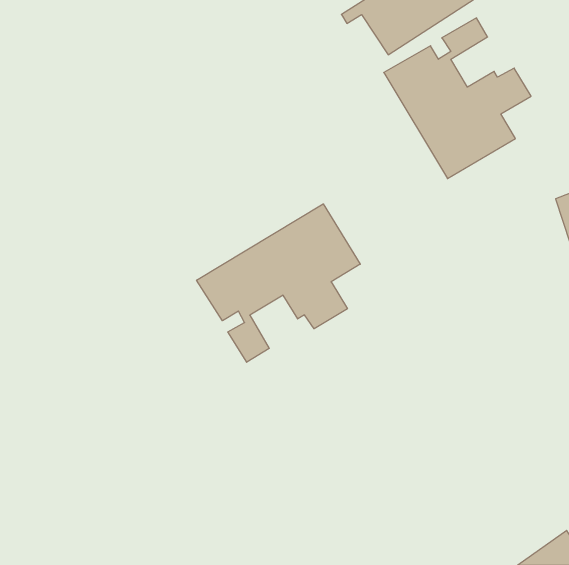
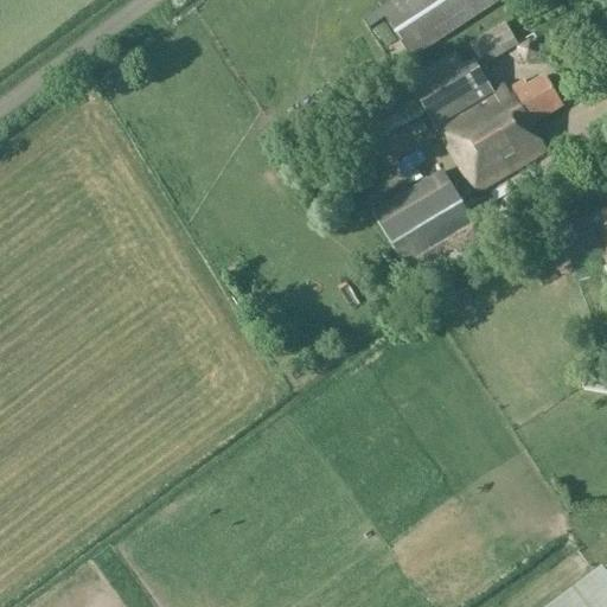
building: none -> [375,168,477,262]
building: [197,204,360,362] -> none

